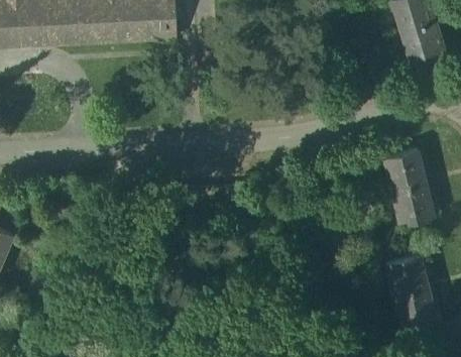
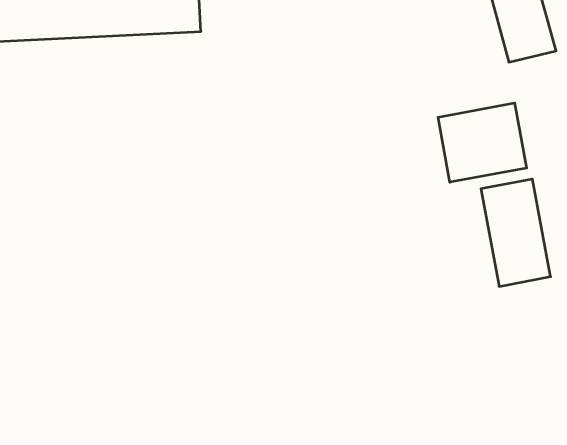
building: none -> [438,103,527,182]
building: [392,250,438,325] -> none

